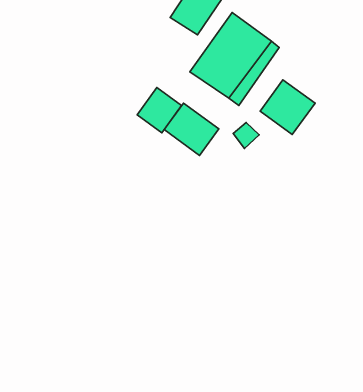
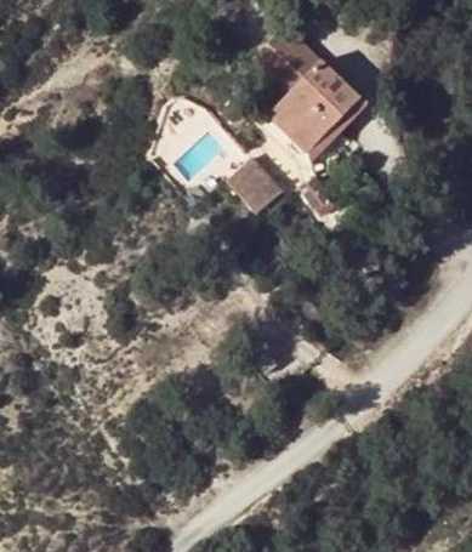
building: [260,80,315,135] -> none
building: [137,88,182,133] -> none

